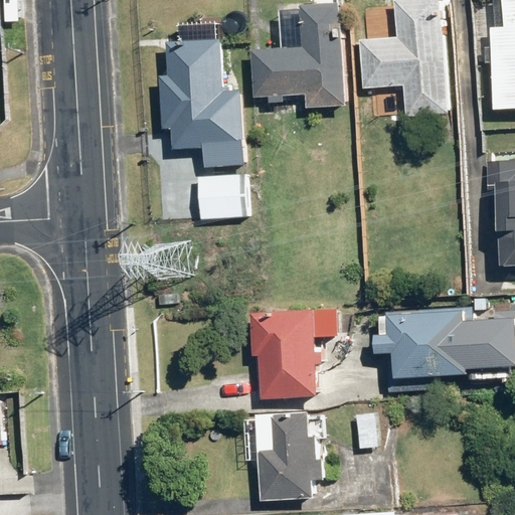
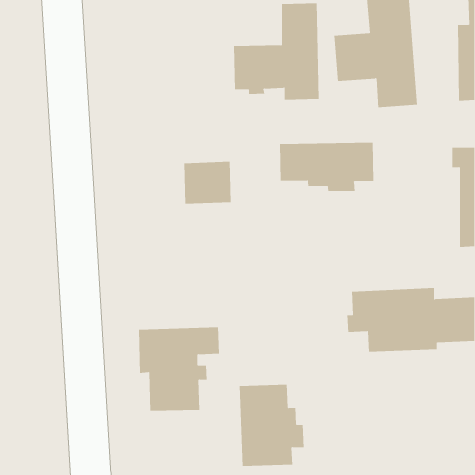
building: [159,38,243,168] -> none
building: none -> [280,142,374,192]
building: [249,306,337,396] -> [138,327,220,411]

